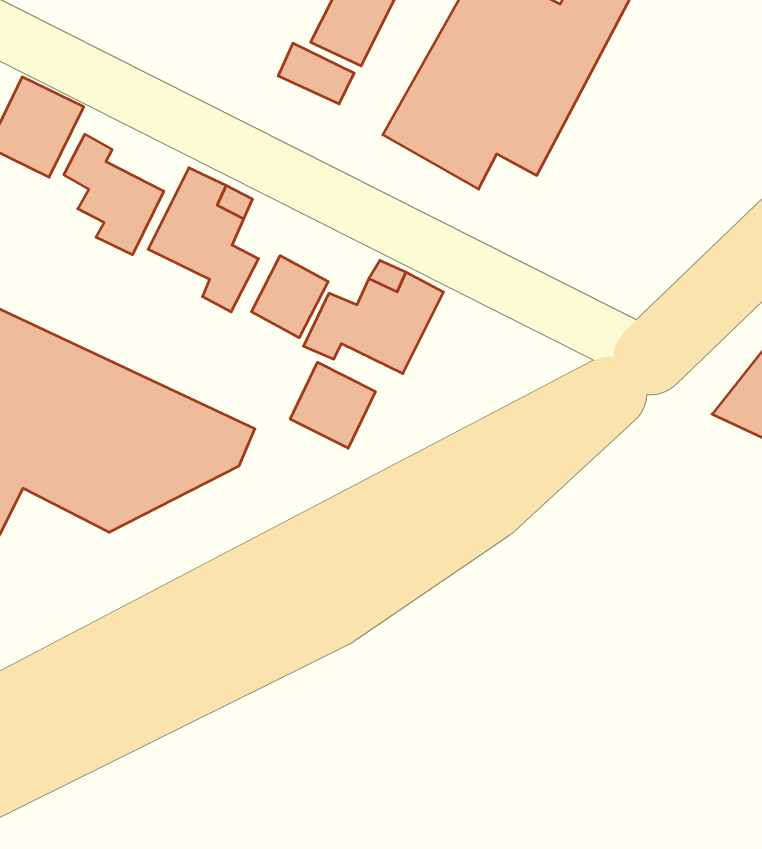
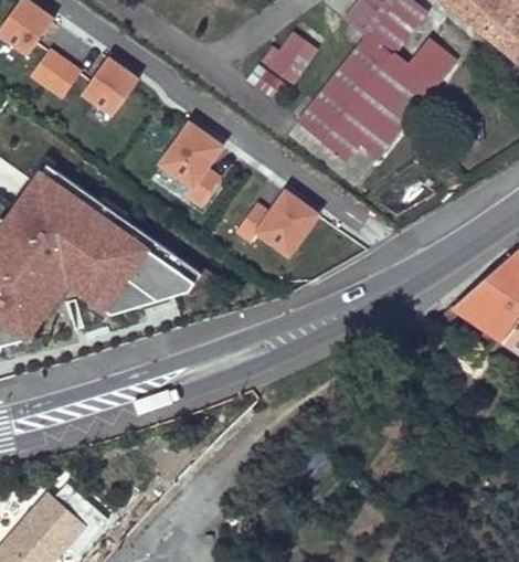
building: [64,134,164,255] -> none
building: [251,256,328,338] -> none
building: [290,362,375,448] -> none

